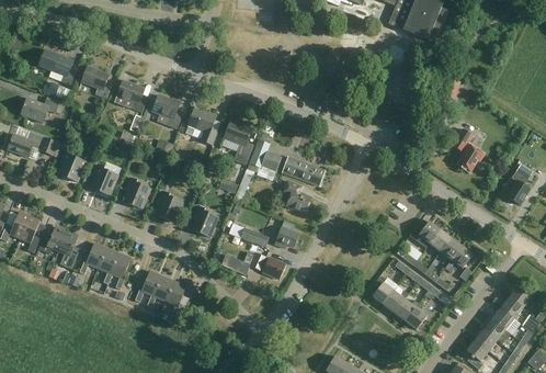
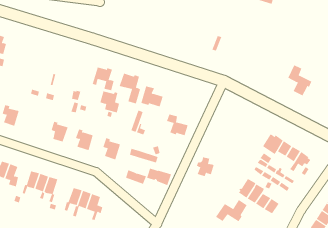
building: [81,66,112,98] -> none
building: [115,79,147,112] -> none
building: [152,95,180,127] -> [100,91,120,113]
building: [282,156,325,185] -> none
building: [93,165,117,195] -> none
building: [274,221,299,248] -> [196,157,215,177]
building: none -> [215,199,248,222]

